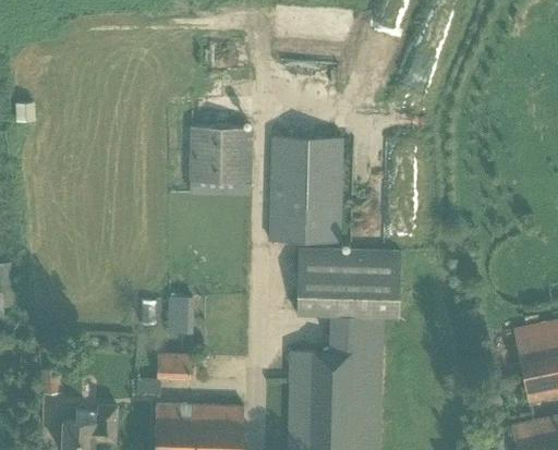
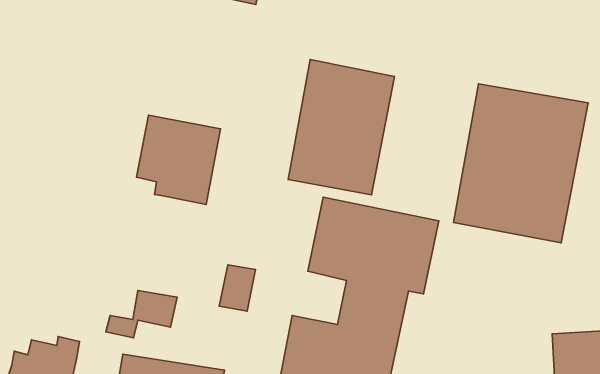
building: [189,126,252,193] -> [137,115,220,205]
building: none -> [453,84,588,243]
building: [168,296,193,332] -> [219,265,256,311]

